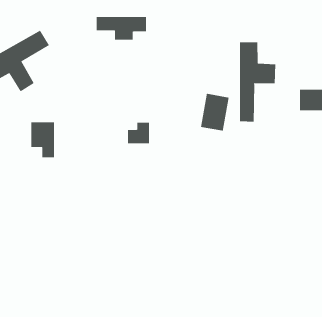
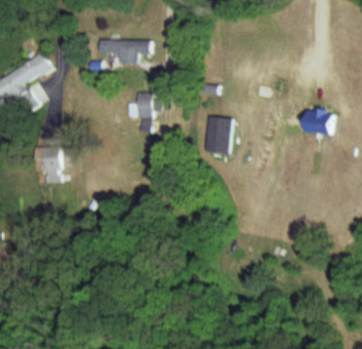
building: [239,42,276,123] -> none
building: [127,122,150,144] -> [129,95,152,117]

